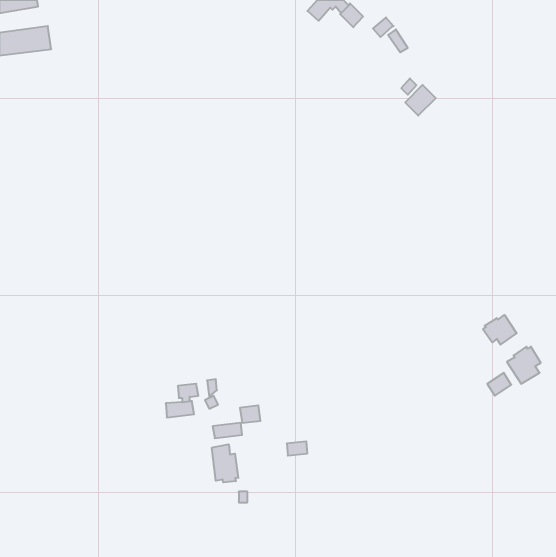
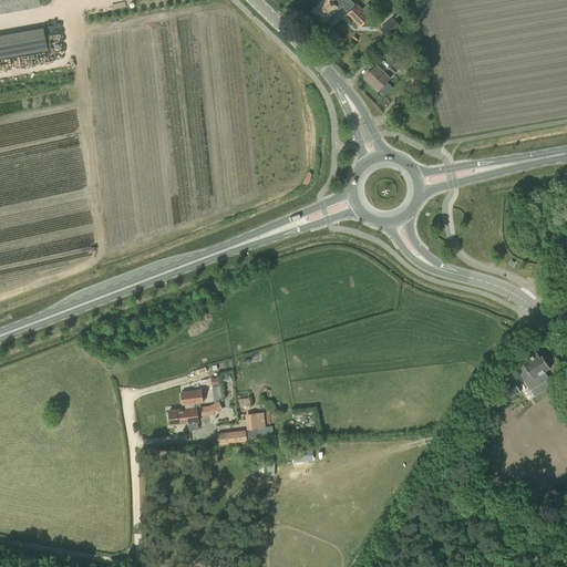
building: [405,85,436,116] -> [363,59,394,90]
building: [483,315,517,345] -> none
building: [212,444,238,482] -> none

